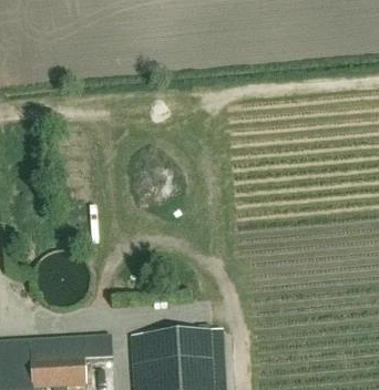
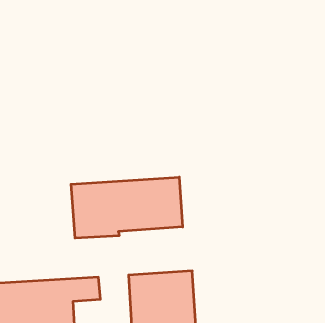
building: none -> [71,177,183,238]

